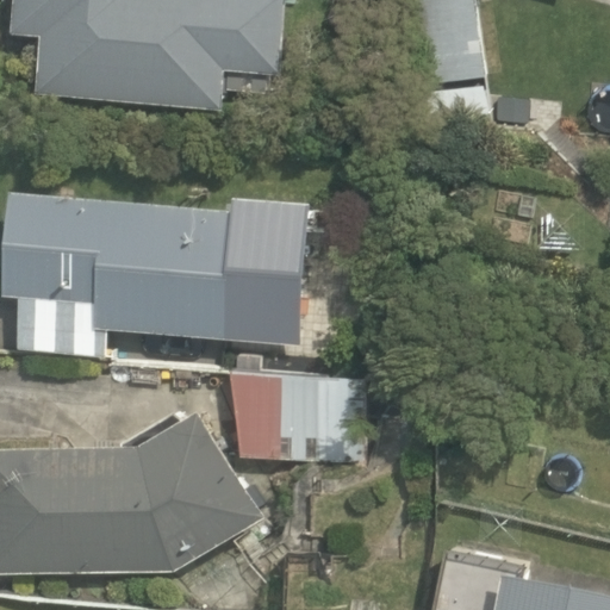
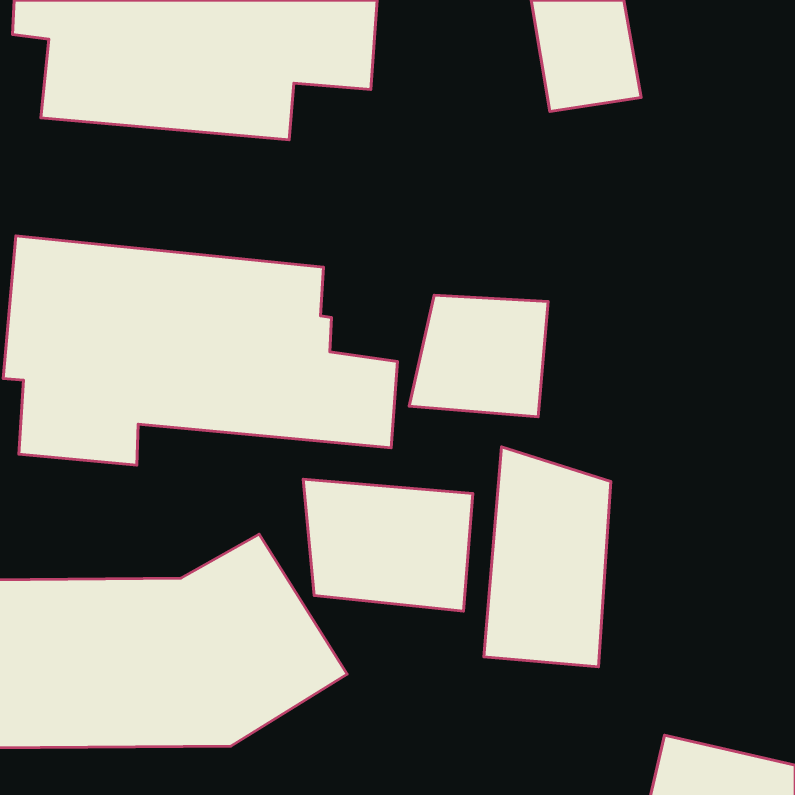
building: none -> [409,295,548,417]
building: none -> [484,447,611,667]

